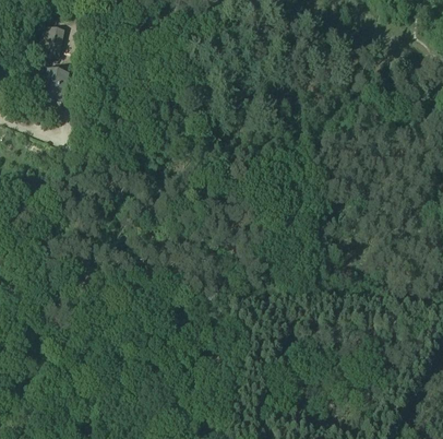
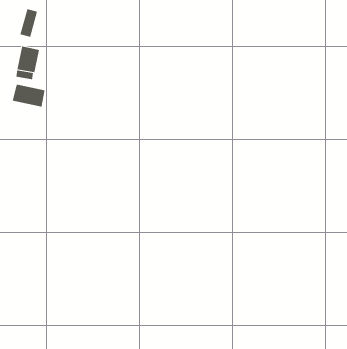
building: none -> [12,84,45,107]

